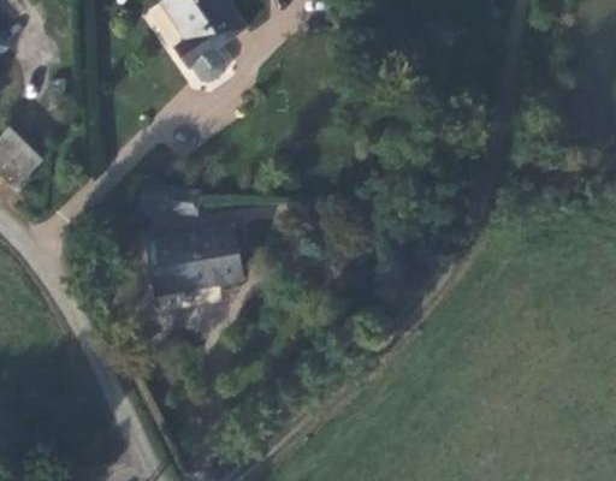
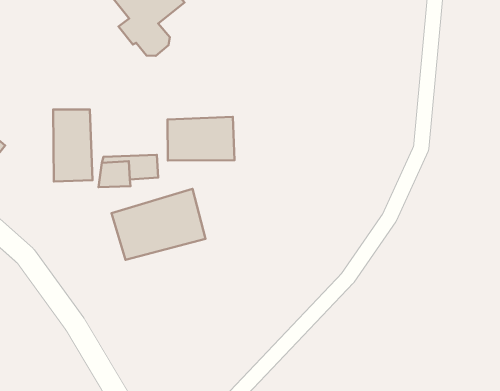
building: none -> [53,110,93,182]
building: none -> [168,117,235,160]

